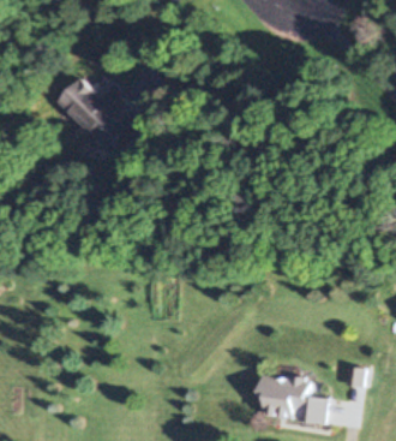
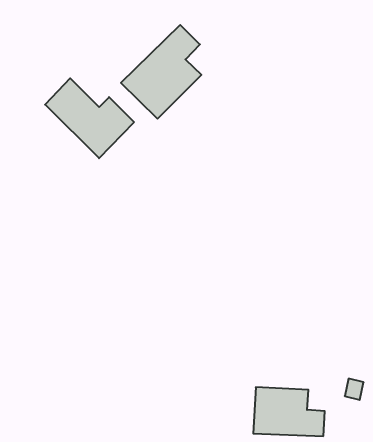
building: none -> [121,25,201,119]

